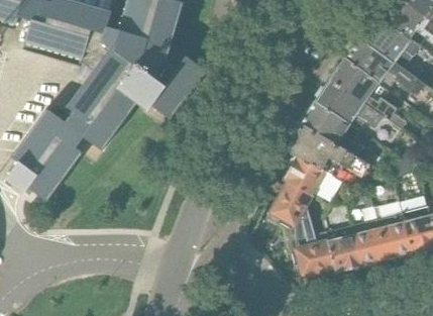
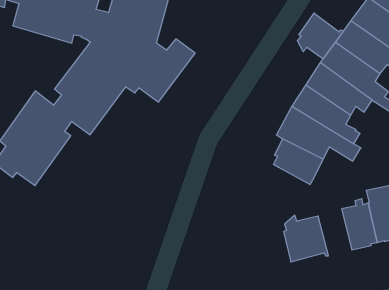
building: none -> [298,13,343,59]
building: [269,183,319,239] -> none
building: [327,224,360,271] -> none

